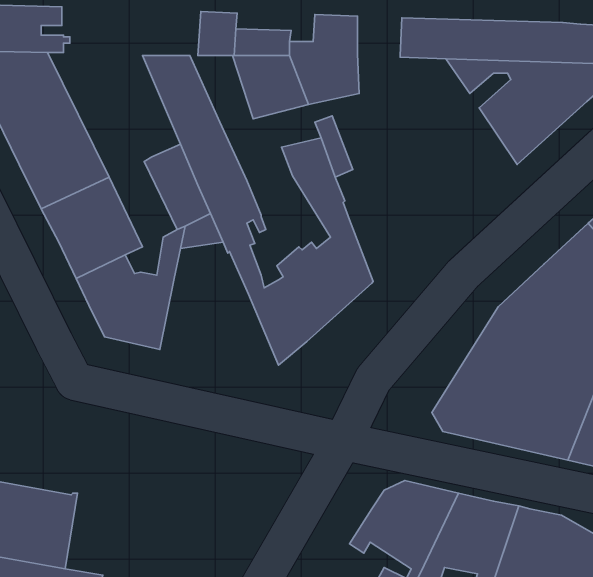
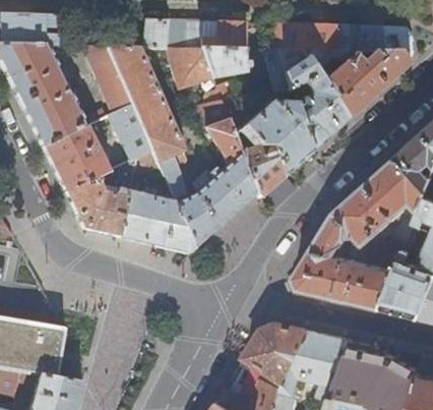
building: none -> [77,47,132,113]
building: none -> [239,47,349,198]
building: none -> [119,186,195,252]

